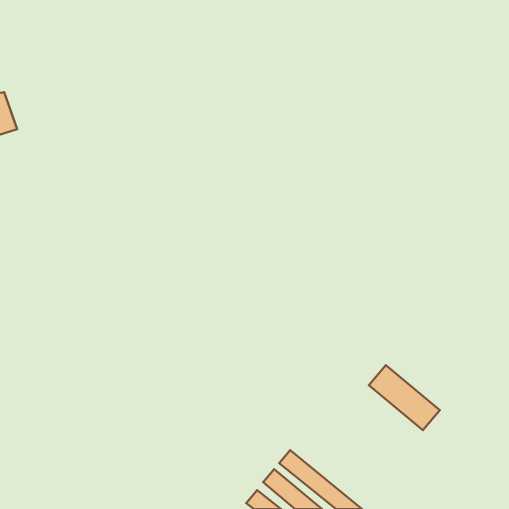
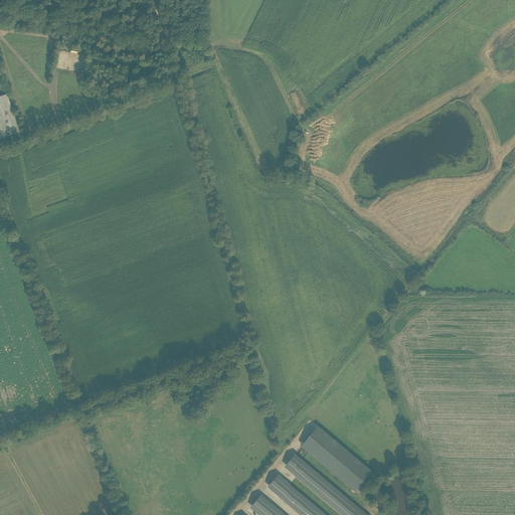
building: [369,365,440,430] -> [299,424,370,490]

